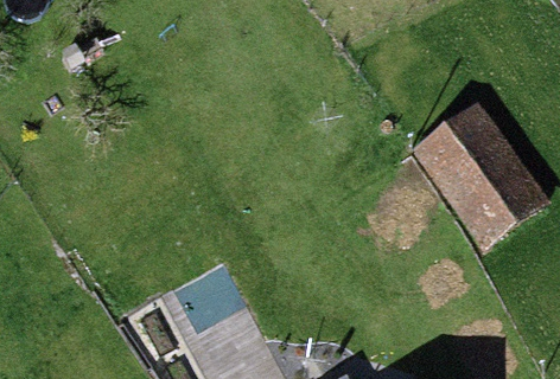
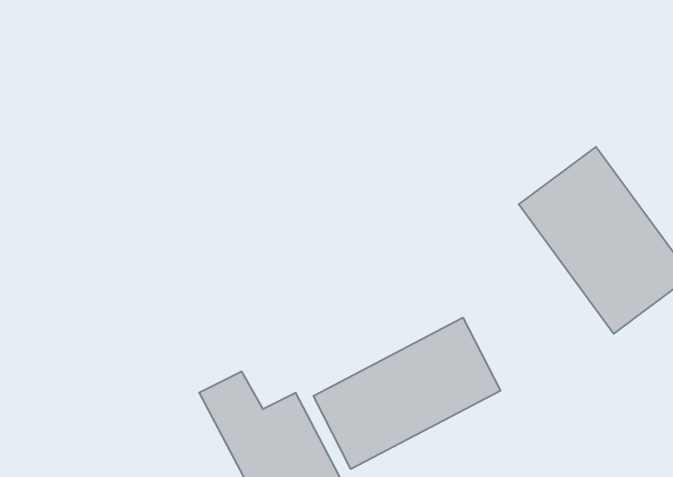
building: none -> [313,318,500,469]

